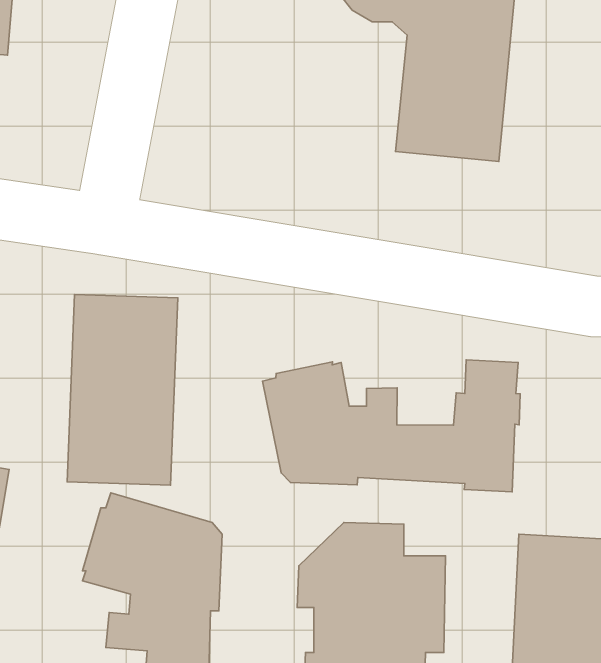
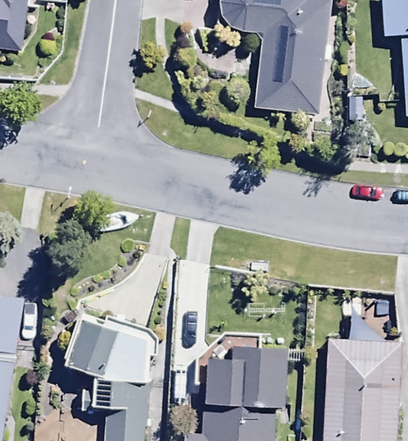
building: [67,295,178,485] -> none
building: [263,360,520,492] -> none

